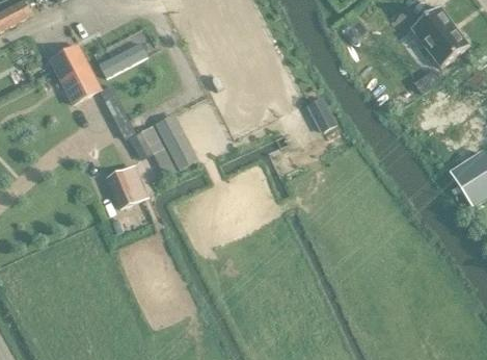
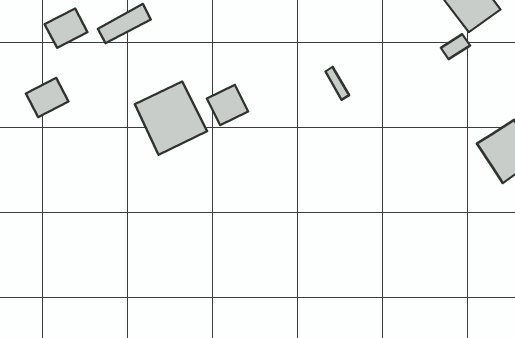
building: [61,67,101,103] -> [26,78,69,117]
building: none -> [207,85,248,125]
building: [106,168,145,209] -> none

